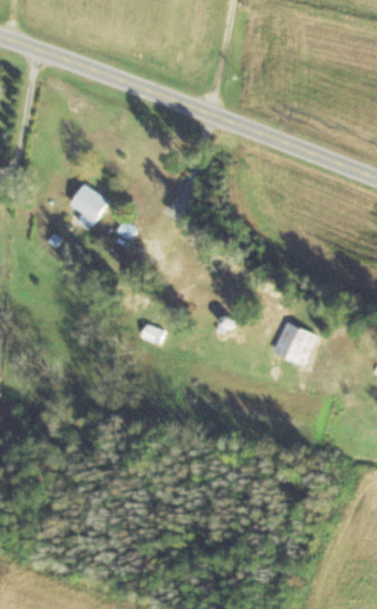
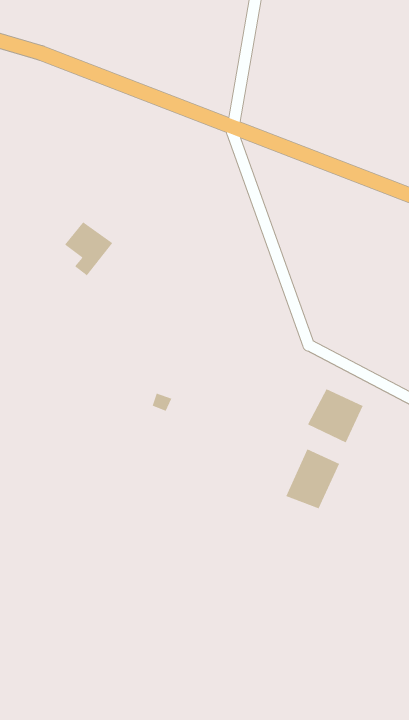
building: none -> [286,448,340,509]

